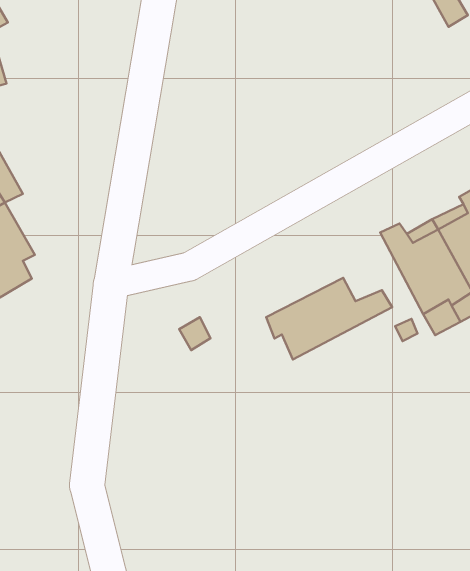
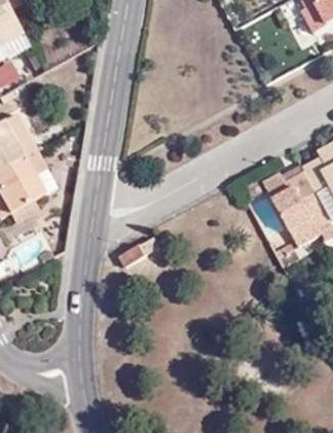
building: [266,278,392,359] -> none

